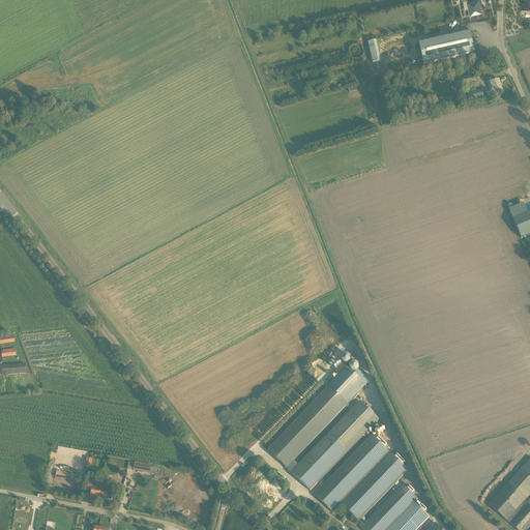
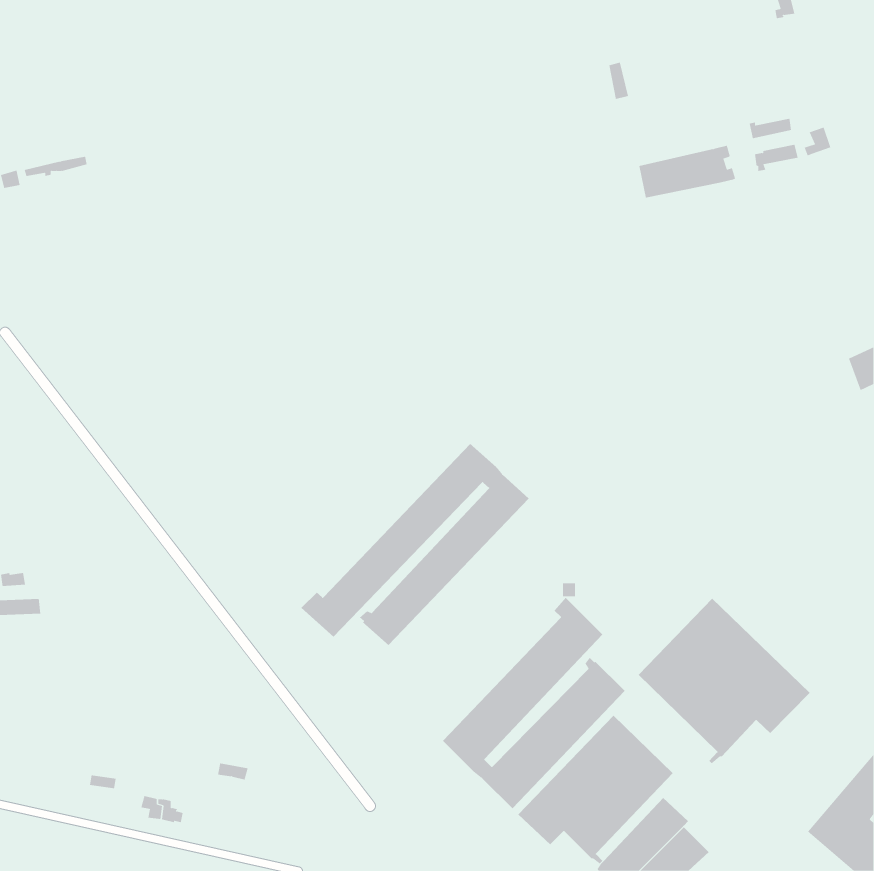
building: [418,29,477,61] -> [638,145,736,198]
building: none -> [301,443,530,646]
building: none -> [638,598,810,764]

